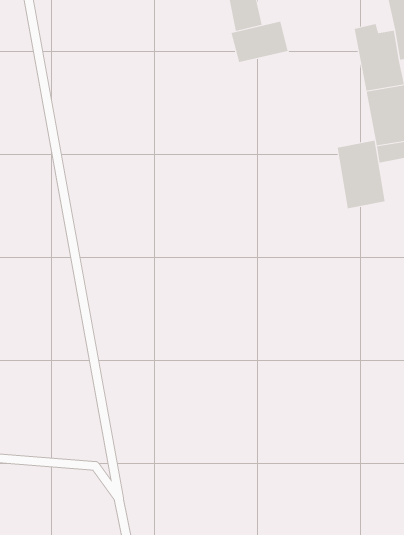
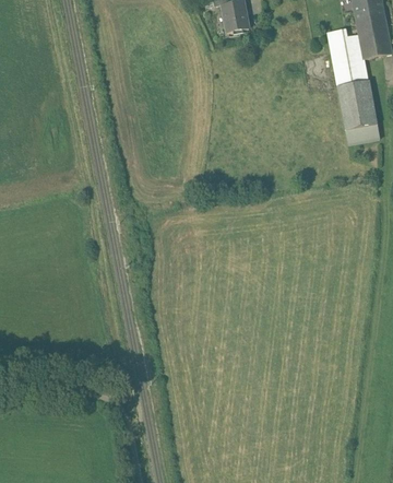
building: [231,21,288,63] -> none
building: [337,140,385,209] -> none

